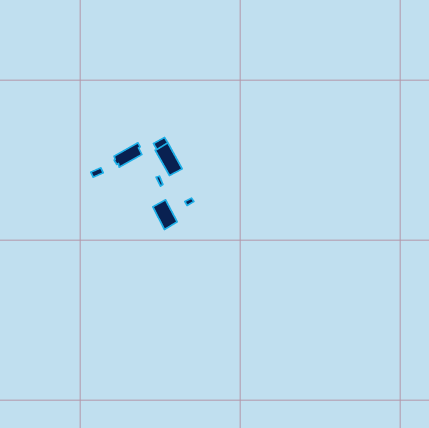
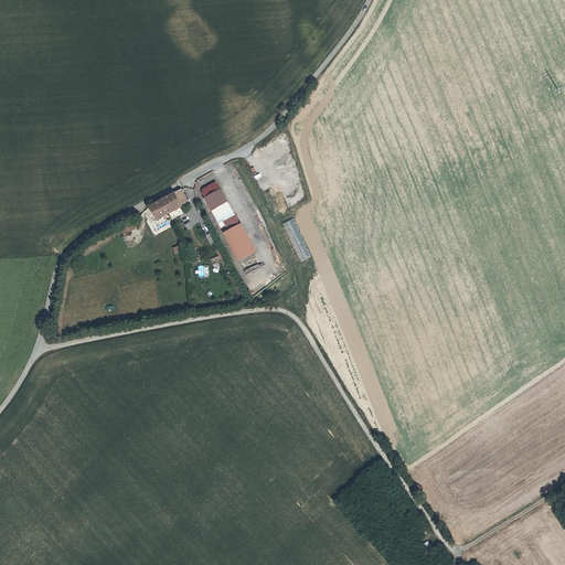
building: [153,200,177,229] -> [223,222,255,260]

